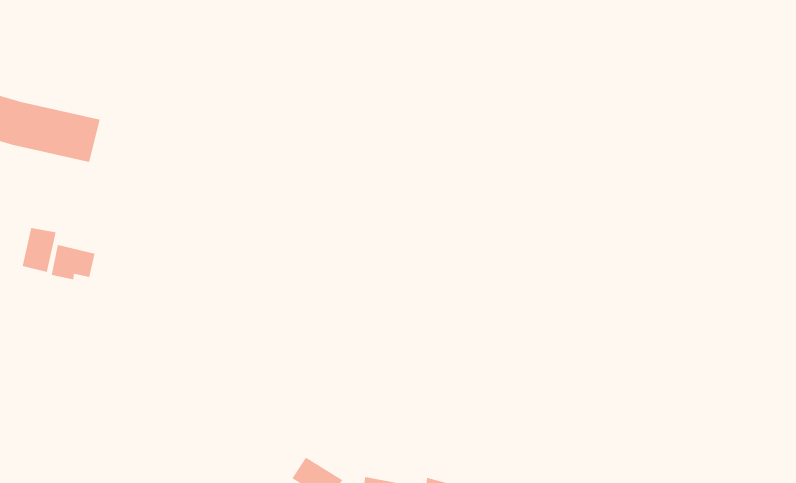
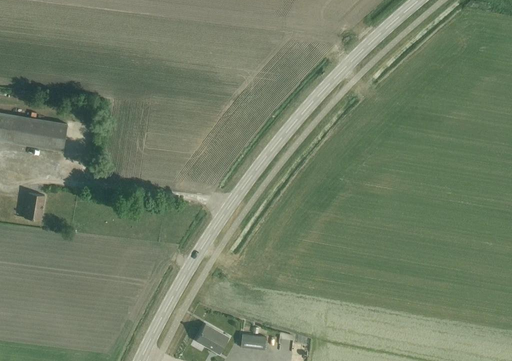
building: [51,244,95,283] -> none

